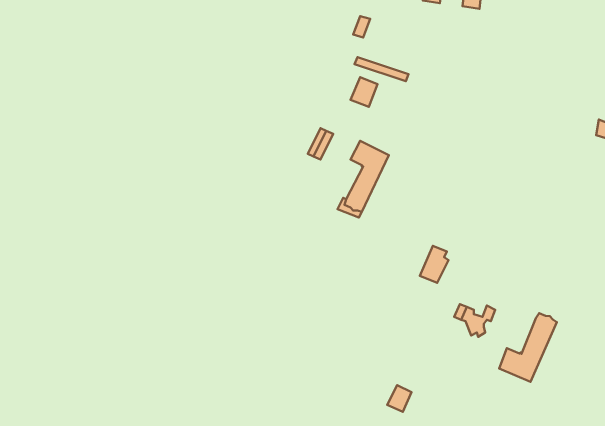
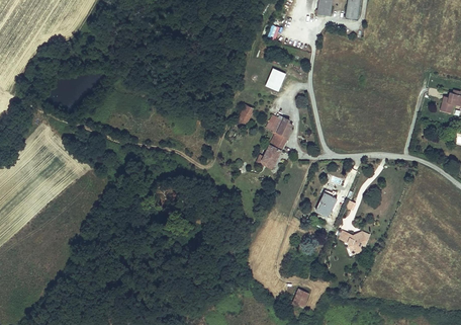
building: [499,313,557,382] -> none

